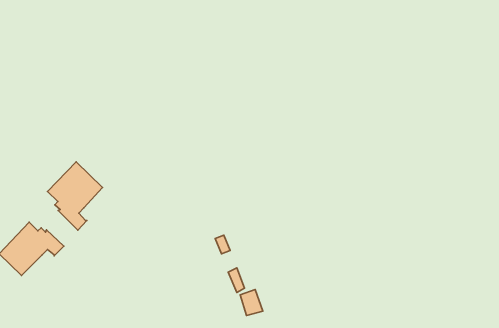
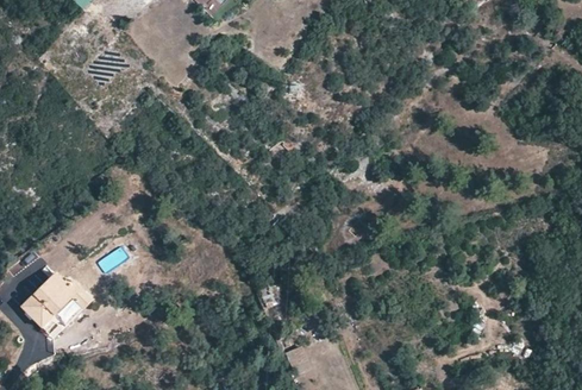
building: [47,162,103,230] -> none

